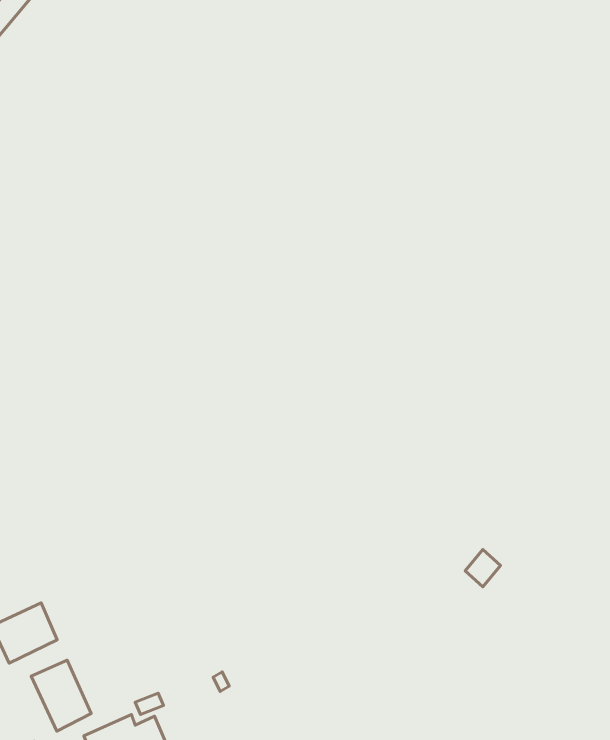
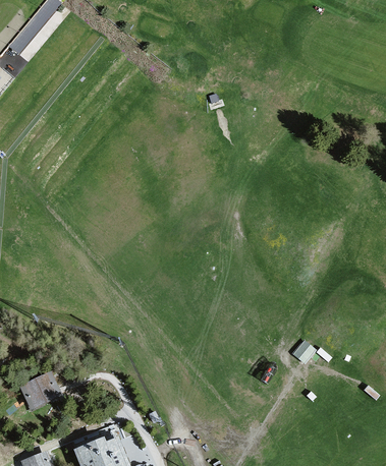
building: [31,660,91,731] -> none

